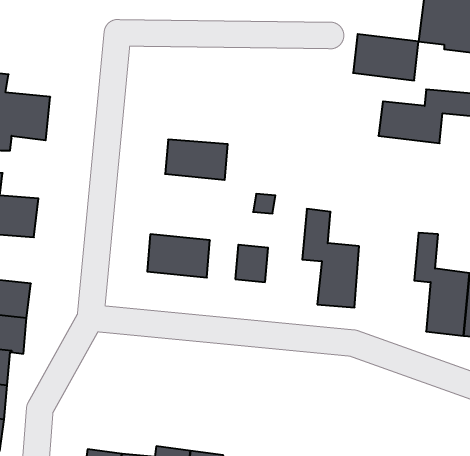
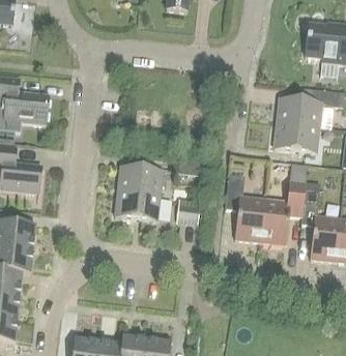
building: [353,34,419,80] -> [273,121,319,153]
building: [165,140,228,180] -> [118,166,162,194]
building: none -> [260,178,304,242]

